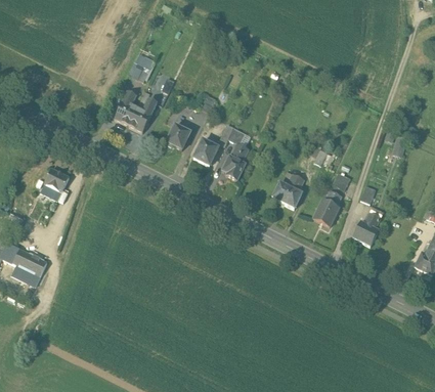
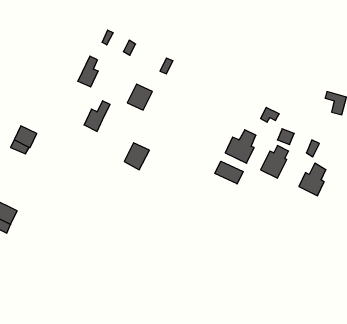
building: [125,99,154,133] -> [84,101,110,131]
building: [193,138,221,168] -> [124,143,149,170]
building: [220,141,249,181] -> none
building: none -> [215,161,243,184]

